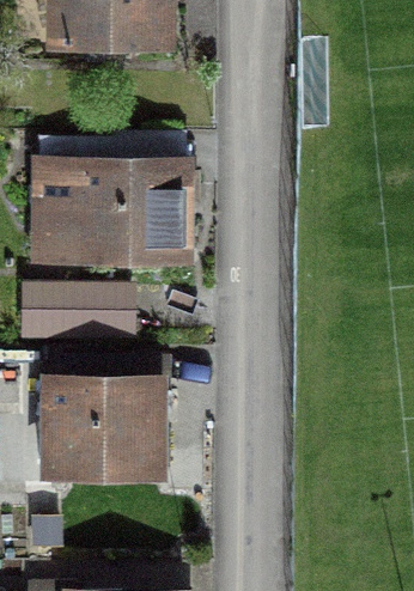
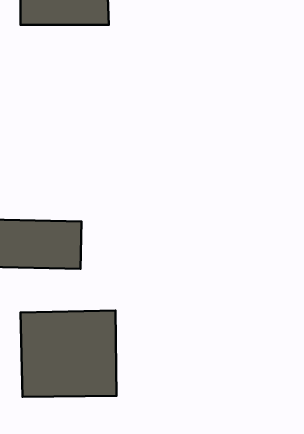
building: [32,162,171,248] -> none

